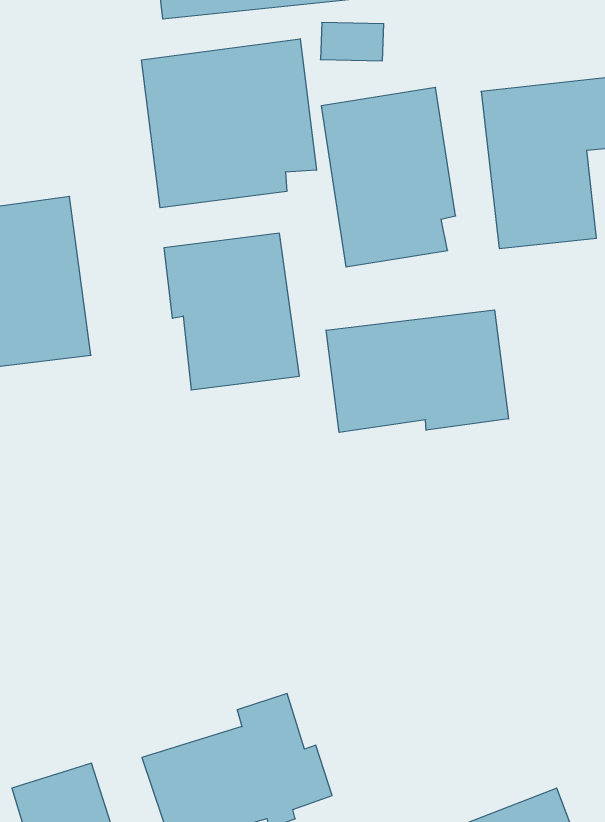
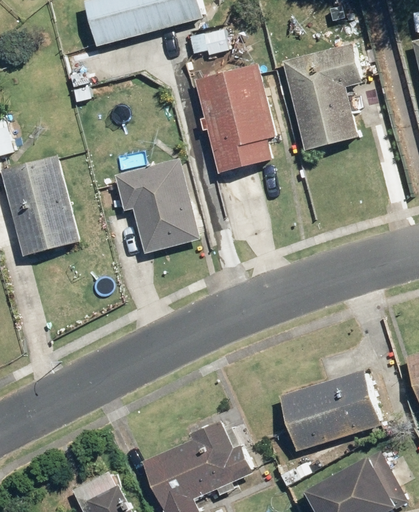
building: [142,39,316,208] -> none
building: [326,310,509,432] -> none
building: none -> [277,368,379,451]

